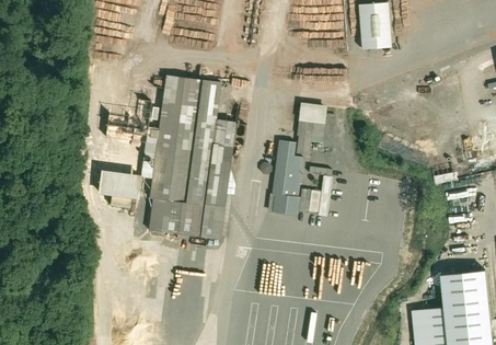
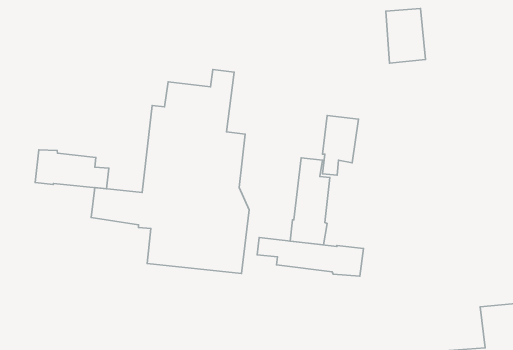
building: none -> [35,150,109,189]
building: none -> [257,237,363,276]

